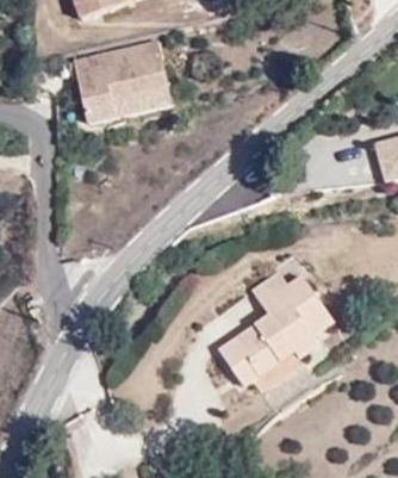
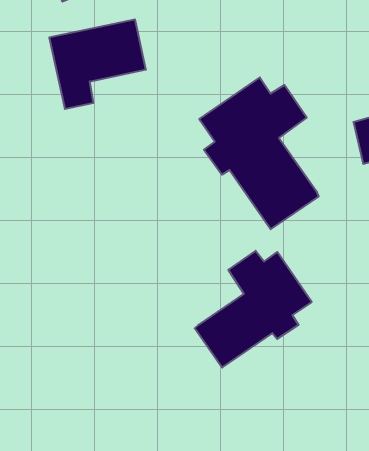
building: none -> [199,77,319,229]

